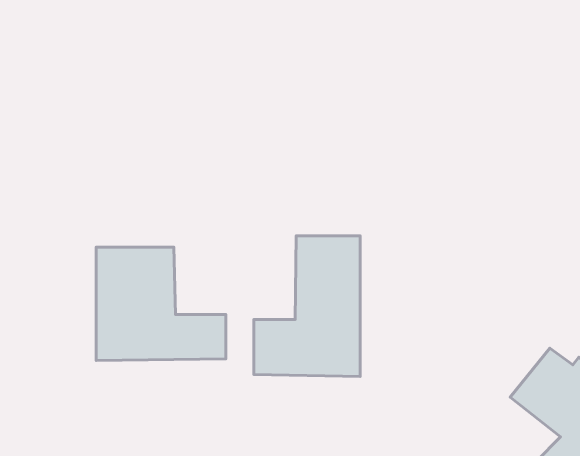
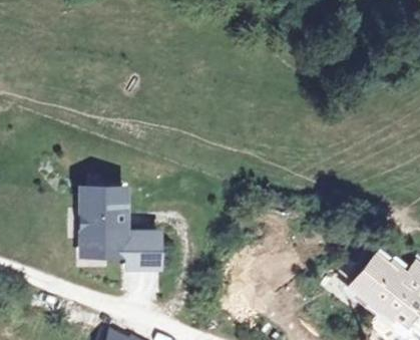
building: [254,236,360,376] -> none

